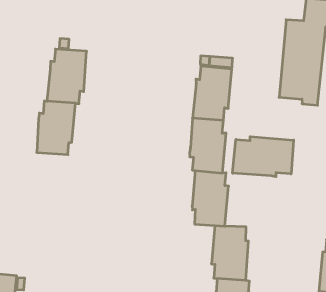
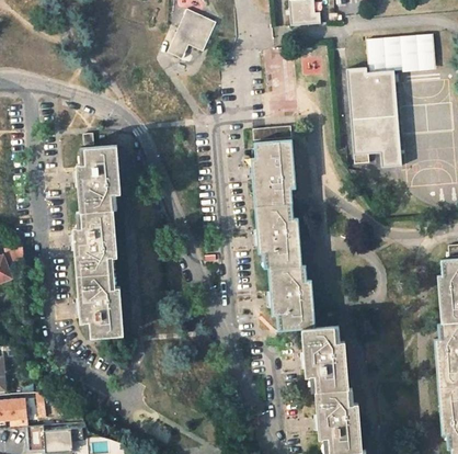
building: [233,137,294,177] -> none
building: none -> [77,272,123,339]

